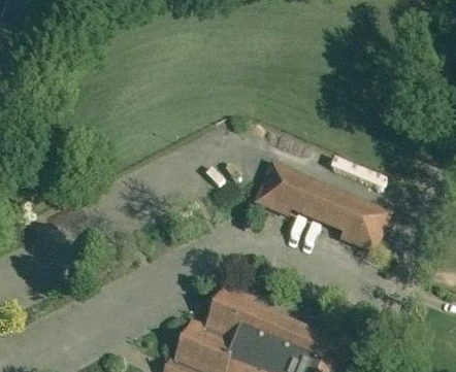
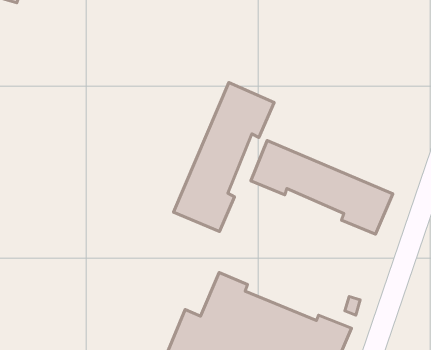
building: none -> [173,82,274,232]

